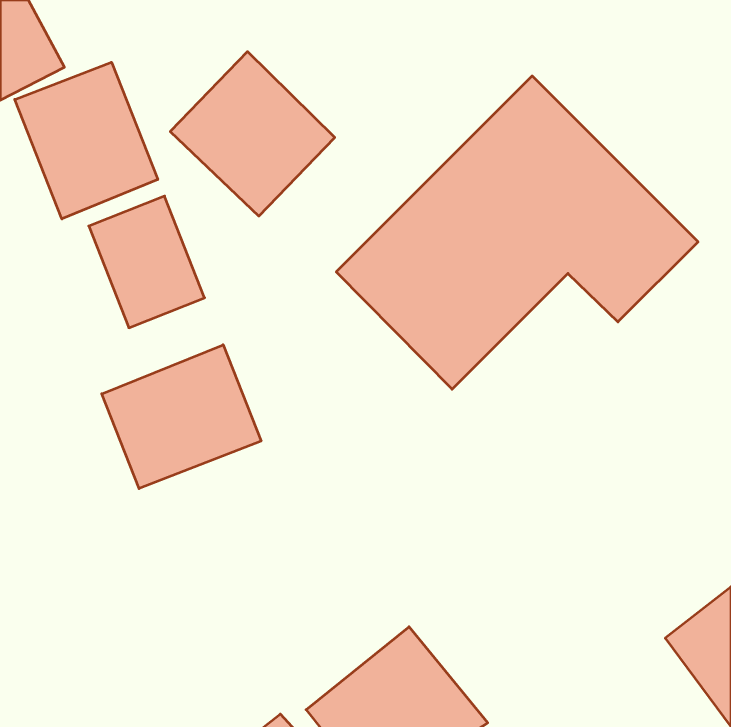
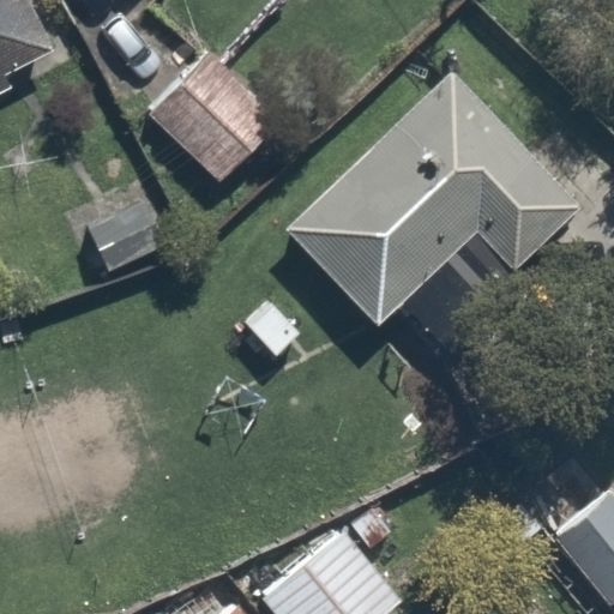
building: [15,62,158,219] -> none
building: [102,345,261,489] -> none

